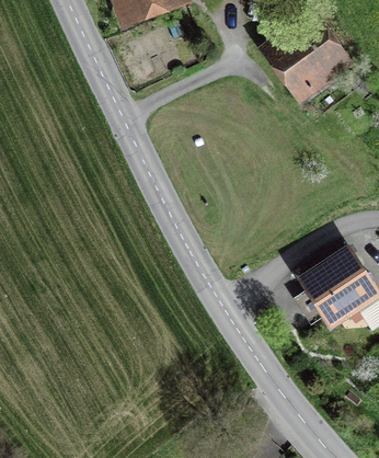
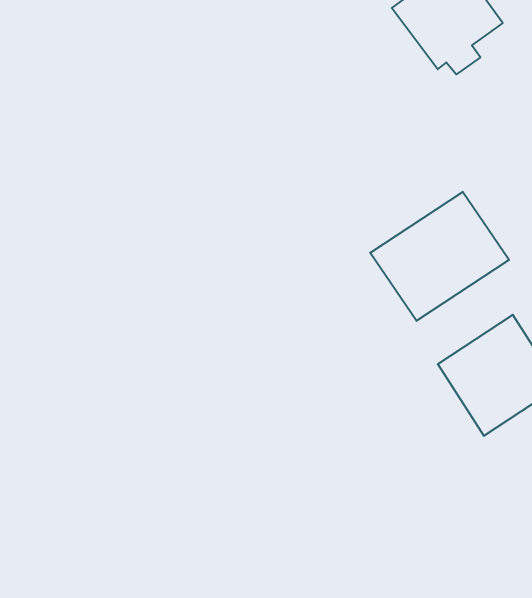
building: none -> [370,192,509,321]

